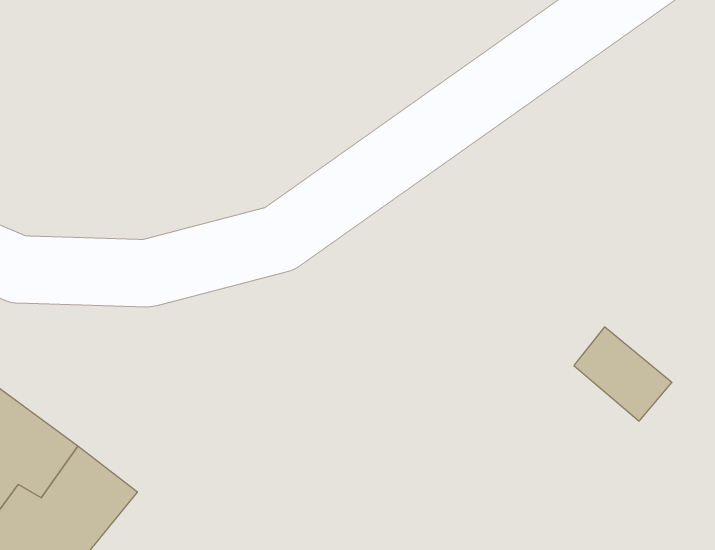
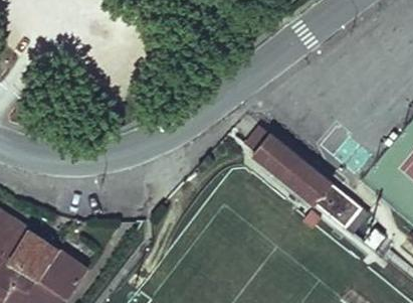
building: none -> [247,130,329,206]

